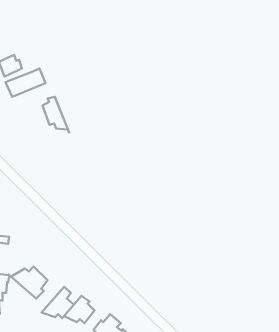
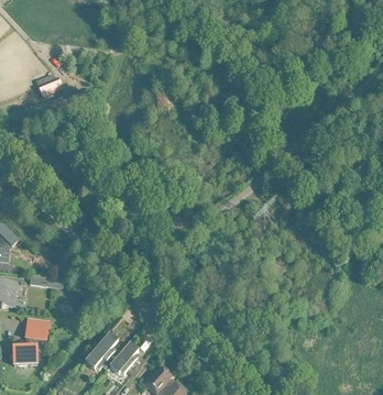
building: [43,97,69,133] -> none
building: [9,267,48,298] -> none

